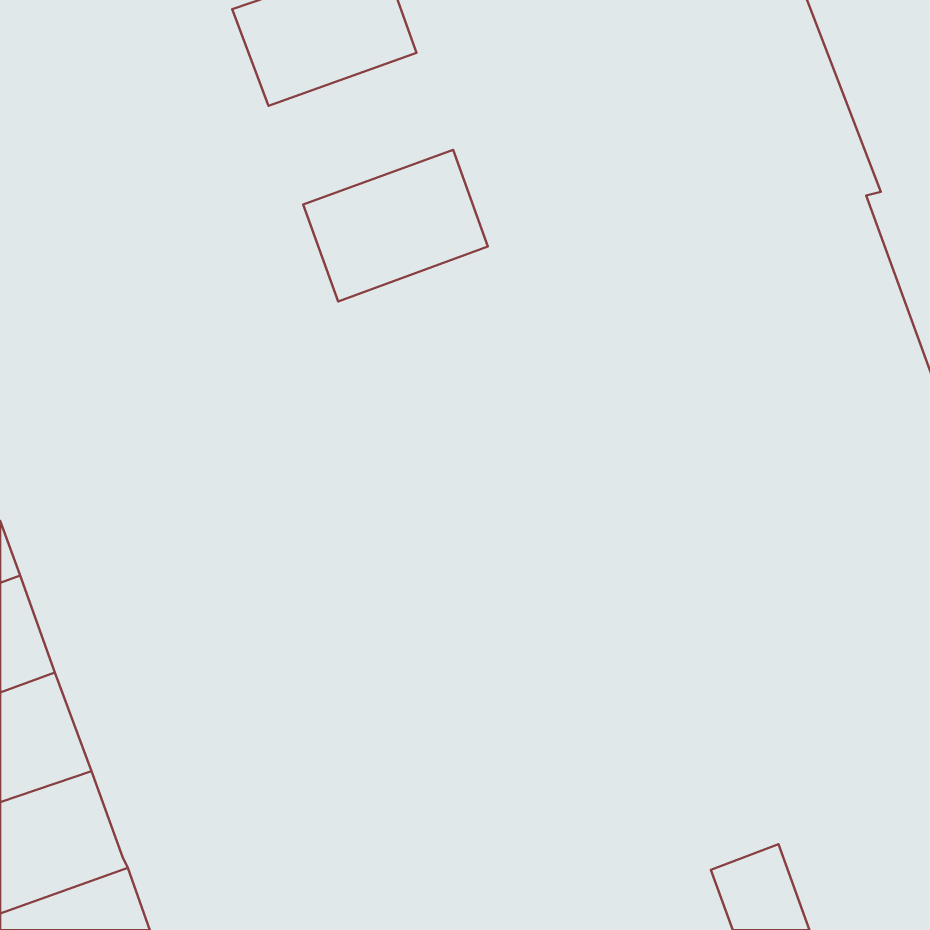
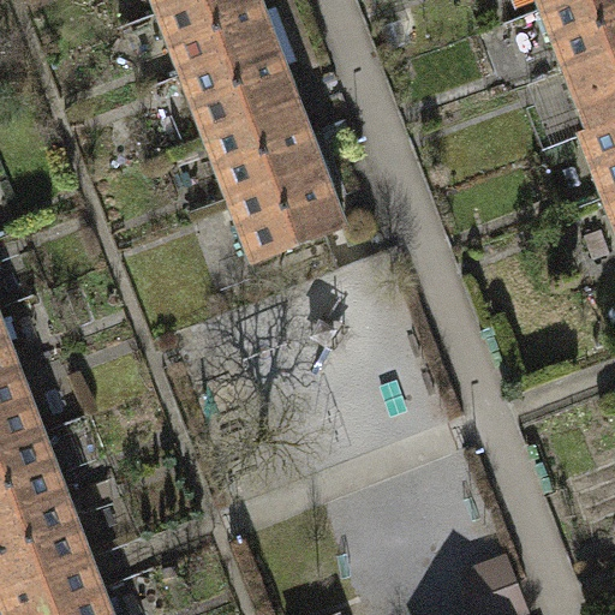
building: none -> [179,35,300,135]
building: none -> [225,162,346,262]

